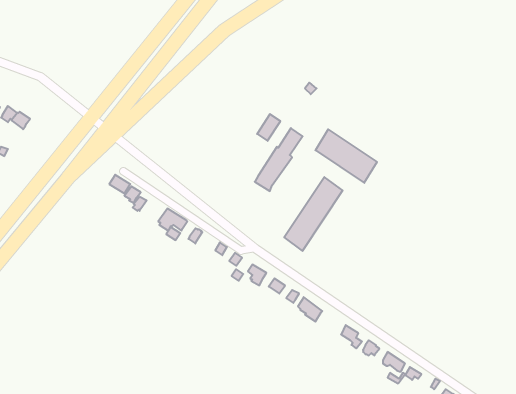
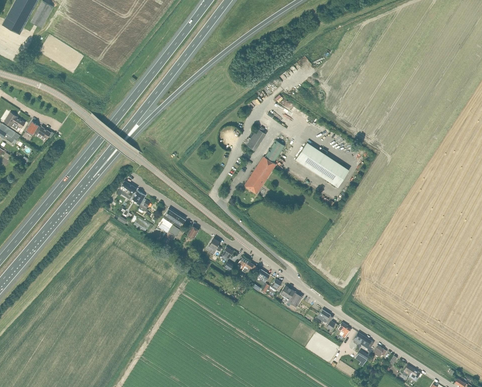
building: [284,177,343,251] -> none

